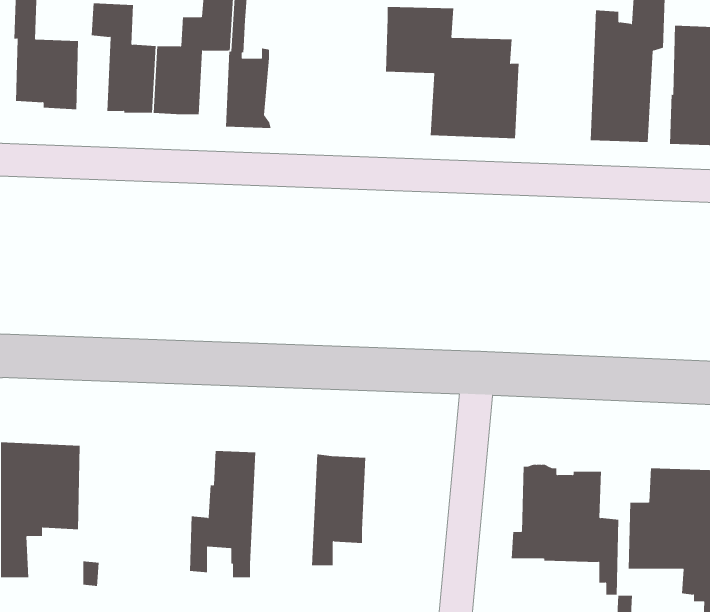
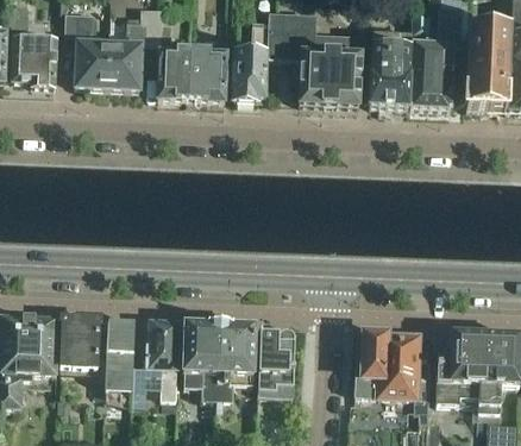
building: none -> [233,20,268,100]
building: none -> [369,31,410,106]
building: none -> [184,49,226,99]
building: none -> [59,316,99,366]
building: none -> [106,319,134,394]
building: none -> [182,322,220,400]
building: none -> [257,326,294,396]

